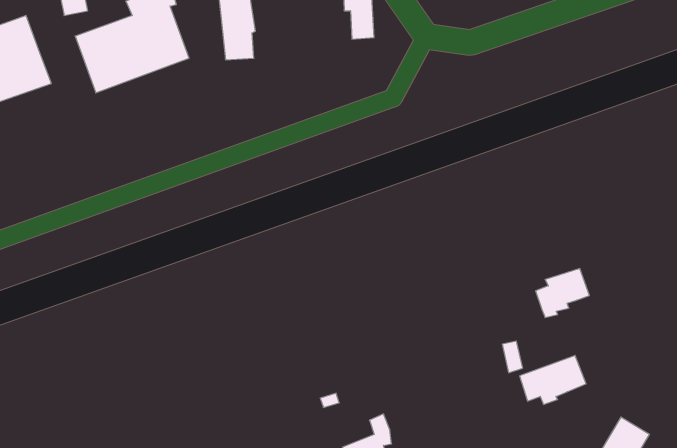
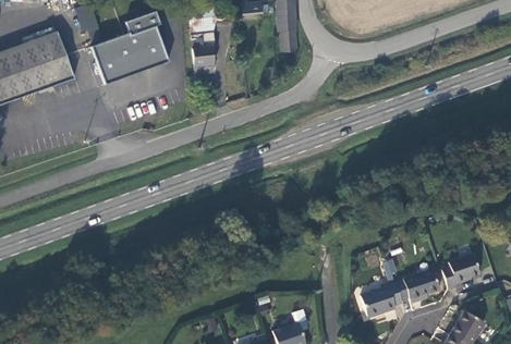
building: [536,269,589,318] -> [442,254,479,287]
building: none -> [361,282,402,316]

